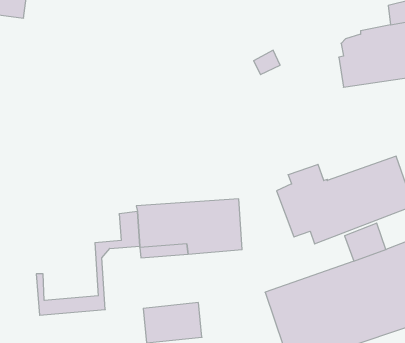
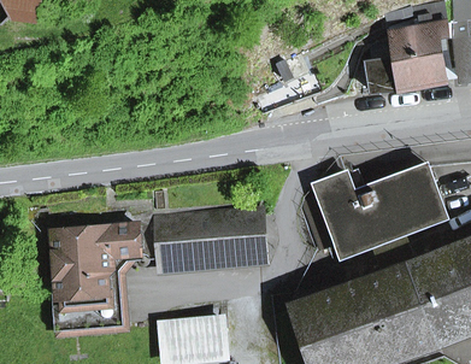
building: none -> [53,225,140,316]

